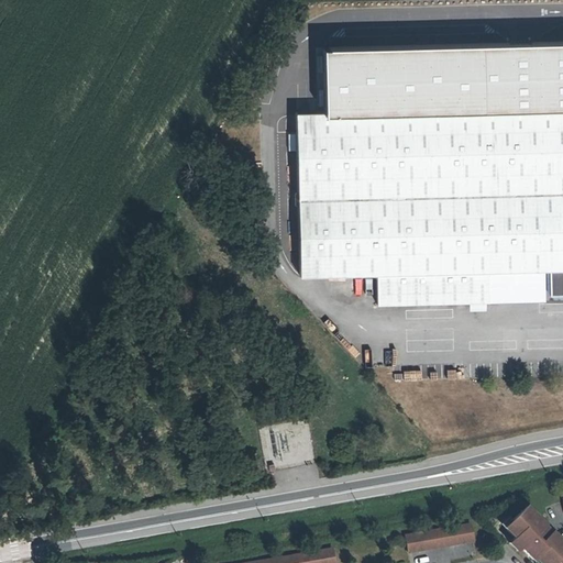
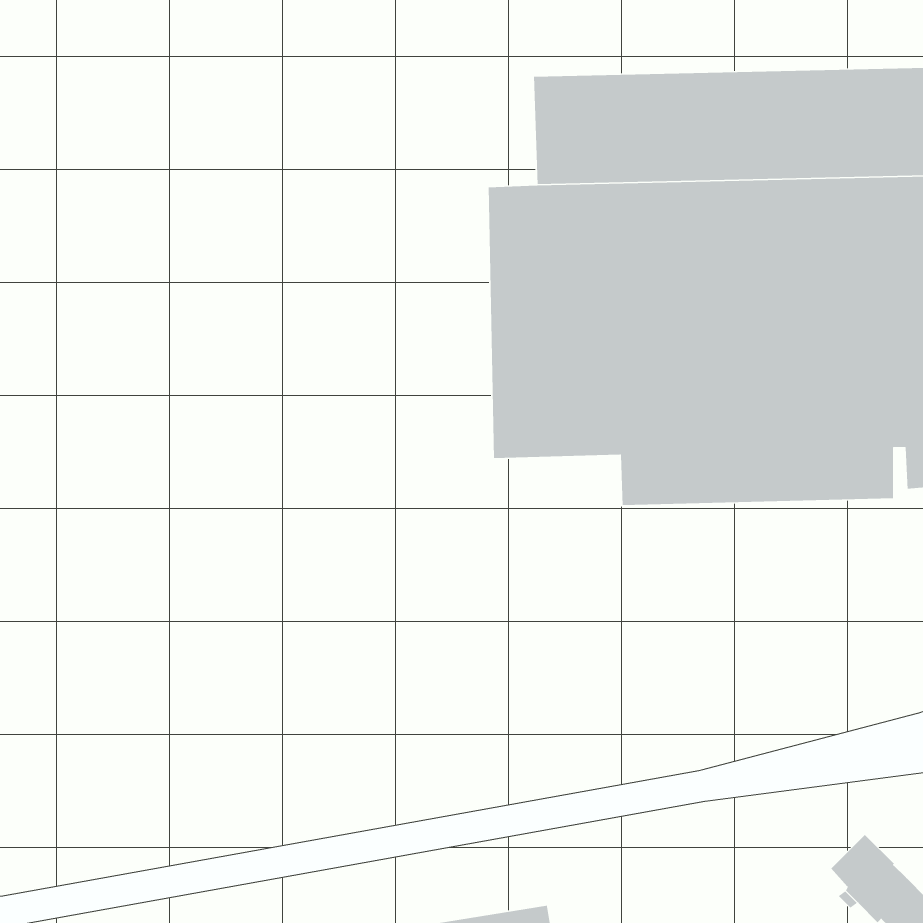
building: [407,527,475,554] -> none

